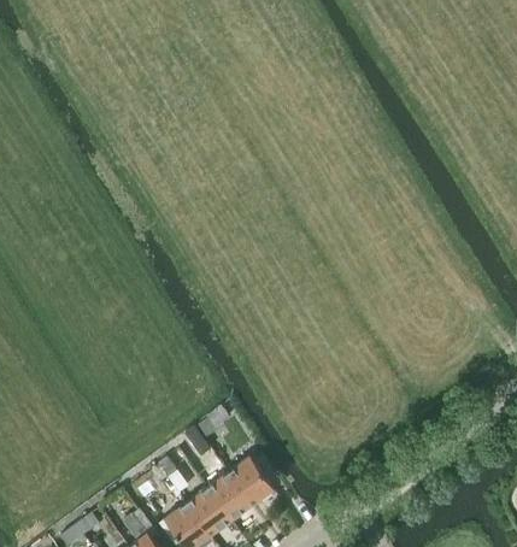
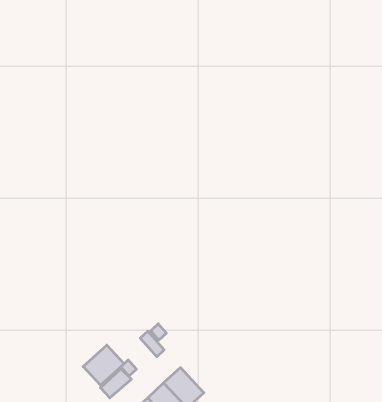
building: none -> [83,345,124,385]
building: [229,455,274,504] -> none

